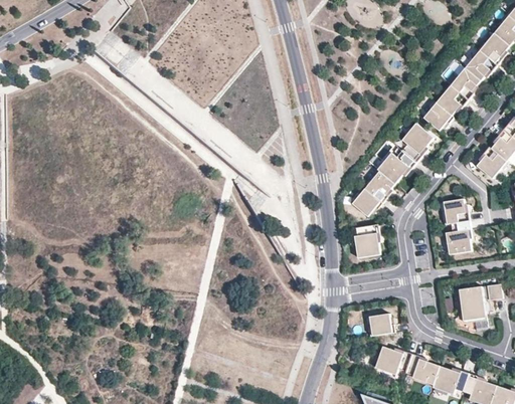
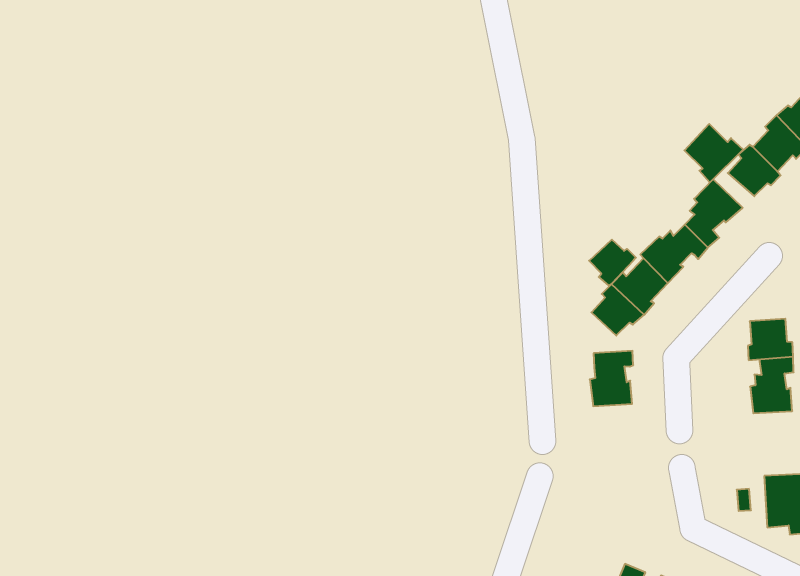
building: none -> [684,124,743,182]
building: none -> [589,240,636,285]
building: [367,314,393,336] -> none

